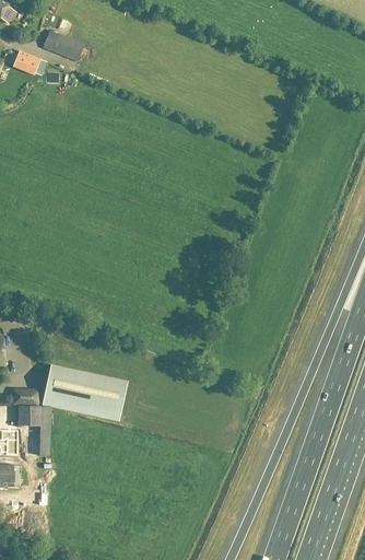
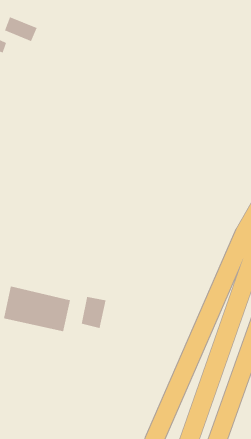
building: none -> [81,296,106,329]

